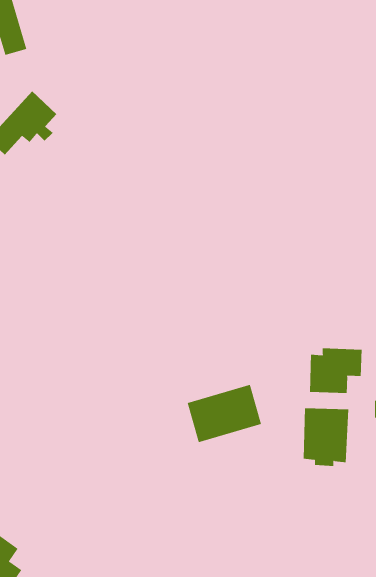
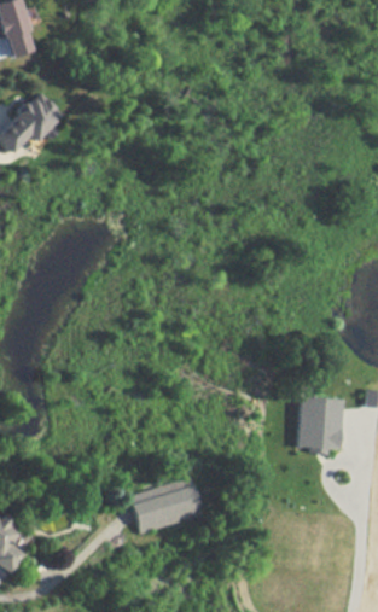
building: [310,348,362,394] -> none
building: [187,384,262,443] -> [130,477,203,534]

